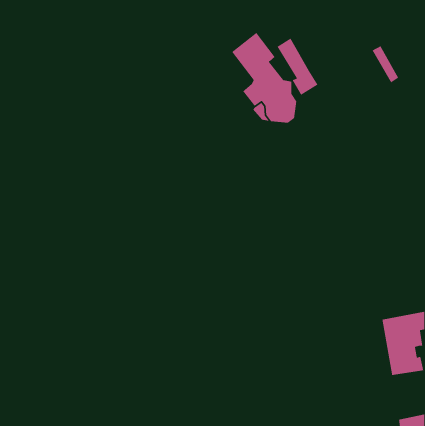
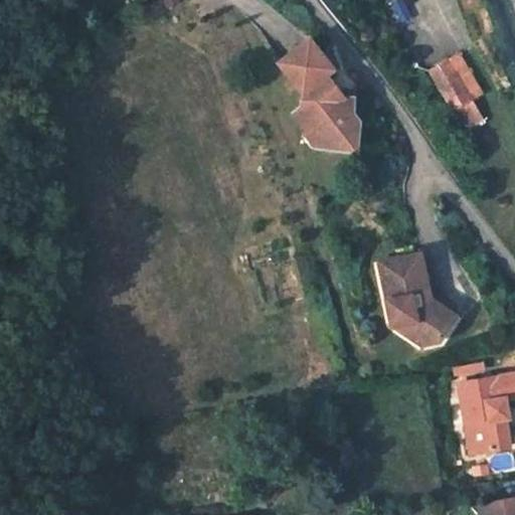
building: [277,37,318,96] -> [431,61,481,132]
building: none -> [383,253,457,344]

